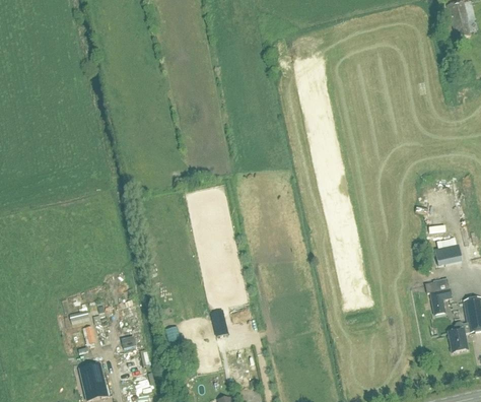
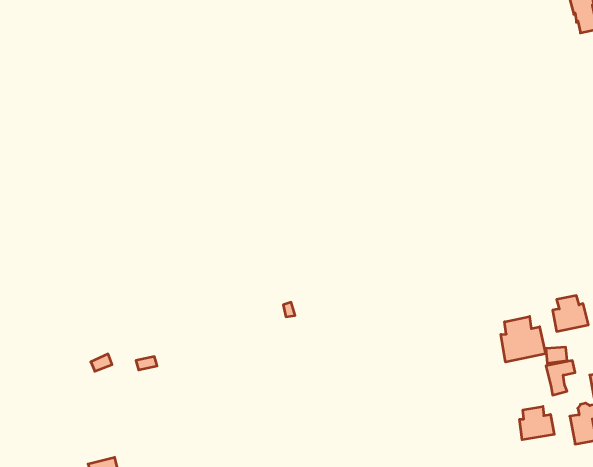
building: none -> [501,316,546,362]
building: none -> [520,406,554,440]

